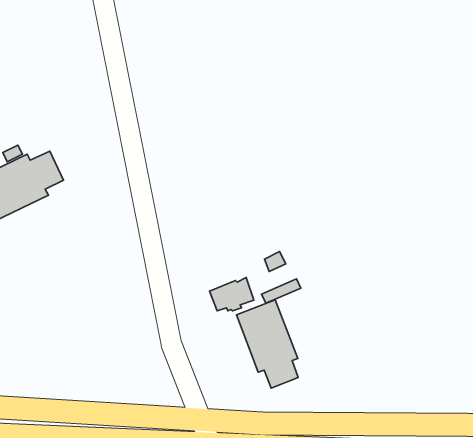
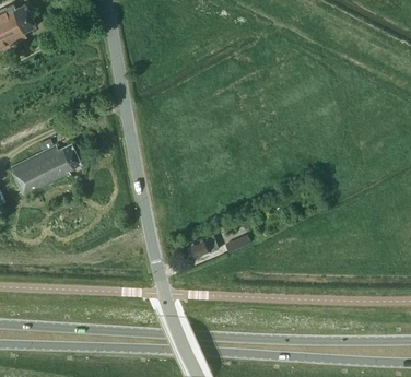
building: [237,300,298,388] -> none

